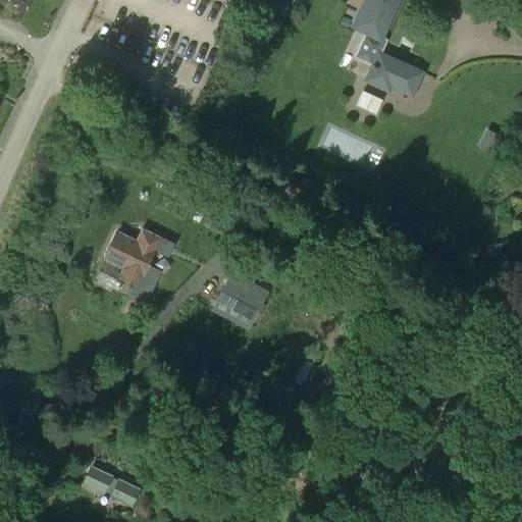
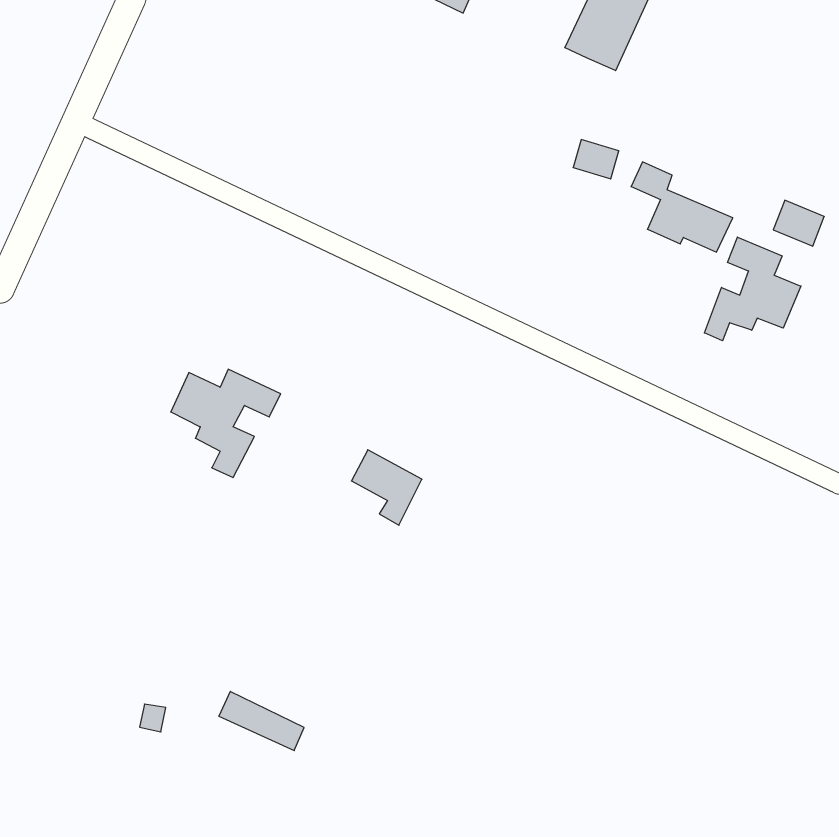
building: [357,36,420,92] -> [631,162,733,252]
building: none -> [704,237,801,341]
building: [84,466,137,503] -> [219,691,304,751]

